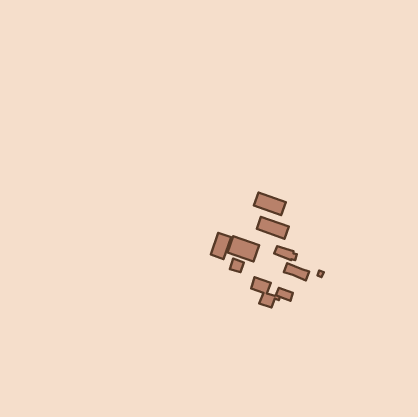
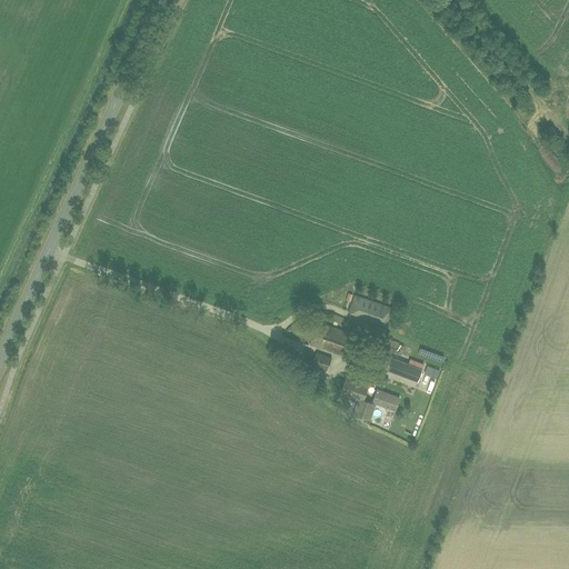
building: [254,193,286,215] -> none
building: [211,233,231,259] -> none

